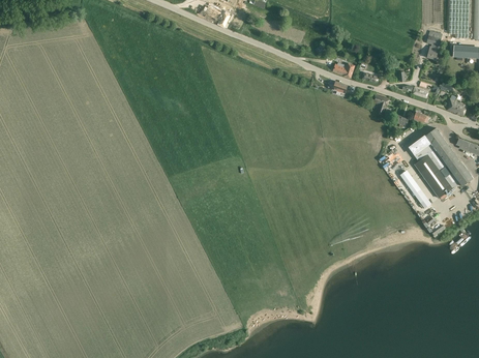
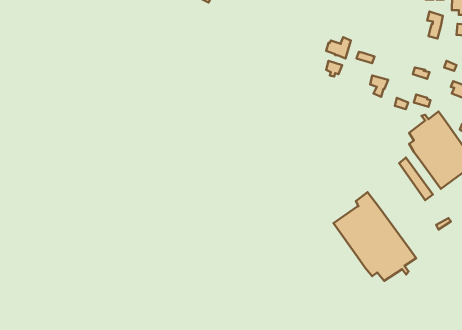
building: none -> [333,192,416,281]

